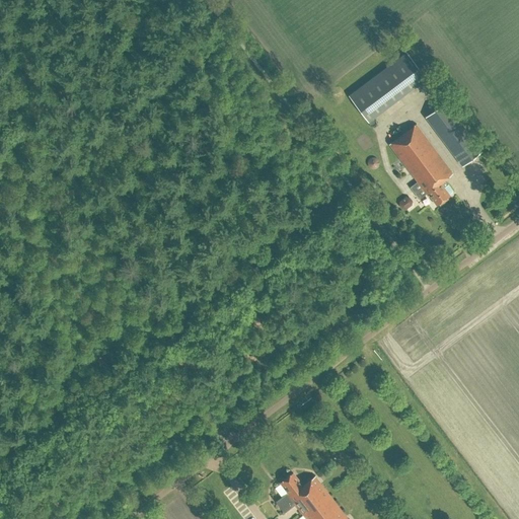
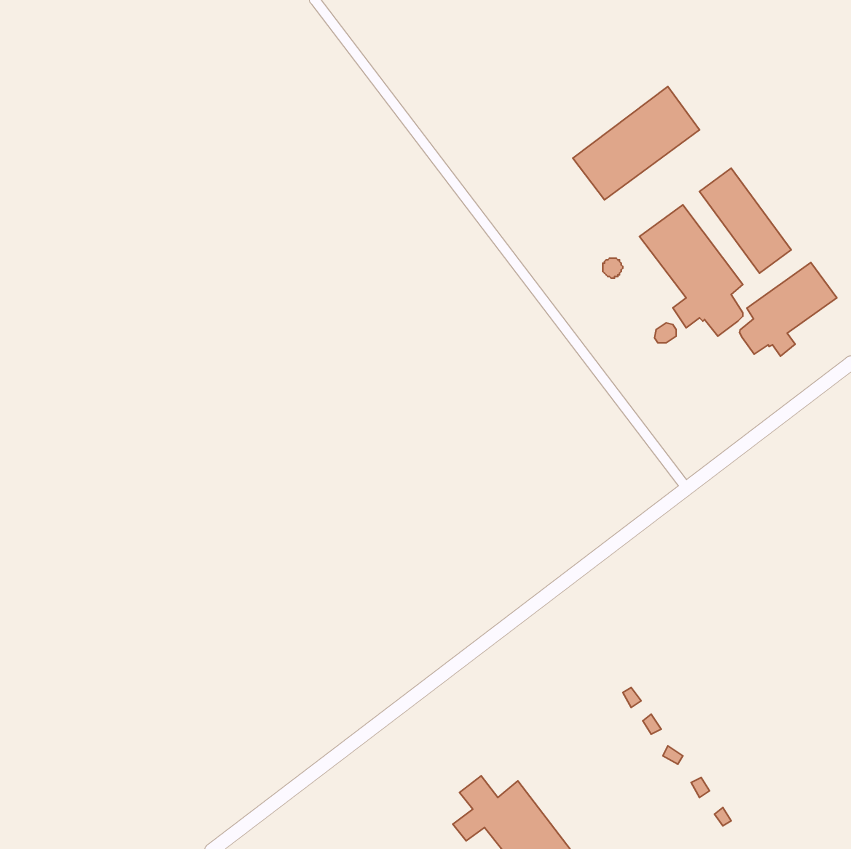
building: none -> [740,262,837,356]

